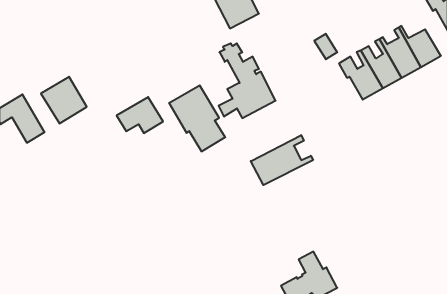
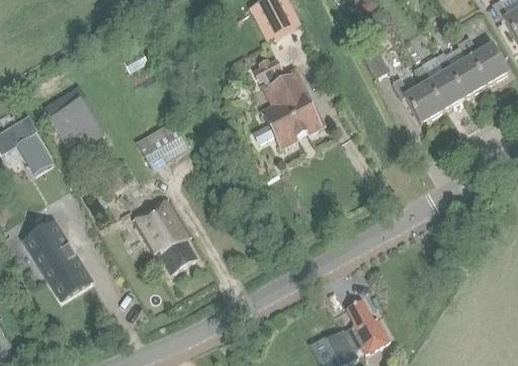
building: [169,85,225,151] -> [133,198,197,274]
building: [251,135,313,185] -> none
building: none -> [30,230,95,305]

